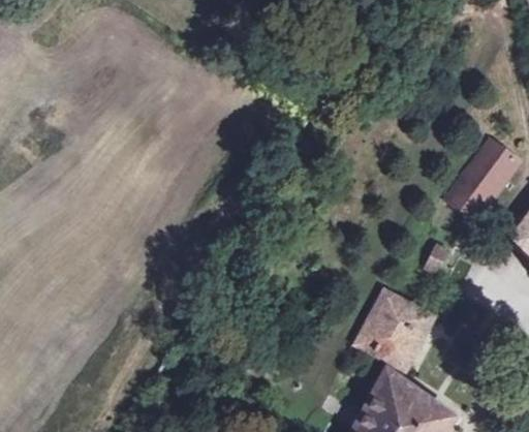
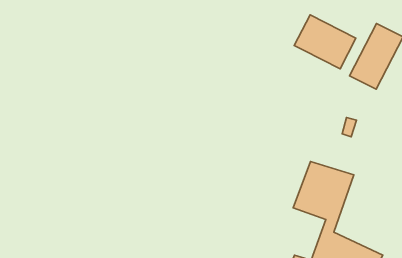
building: none -> [294,15,356,69]

